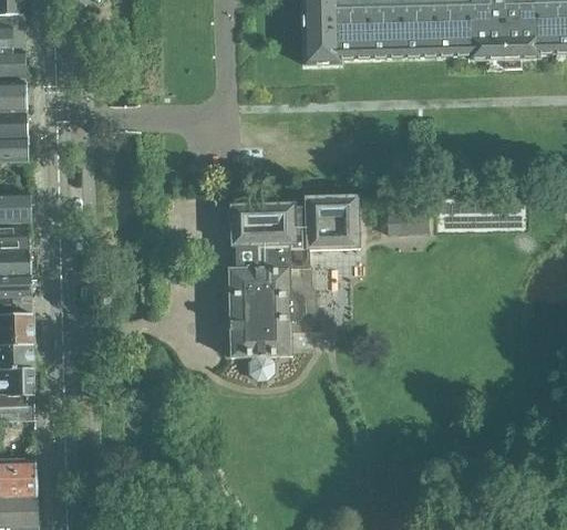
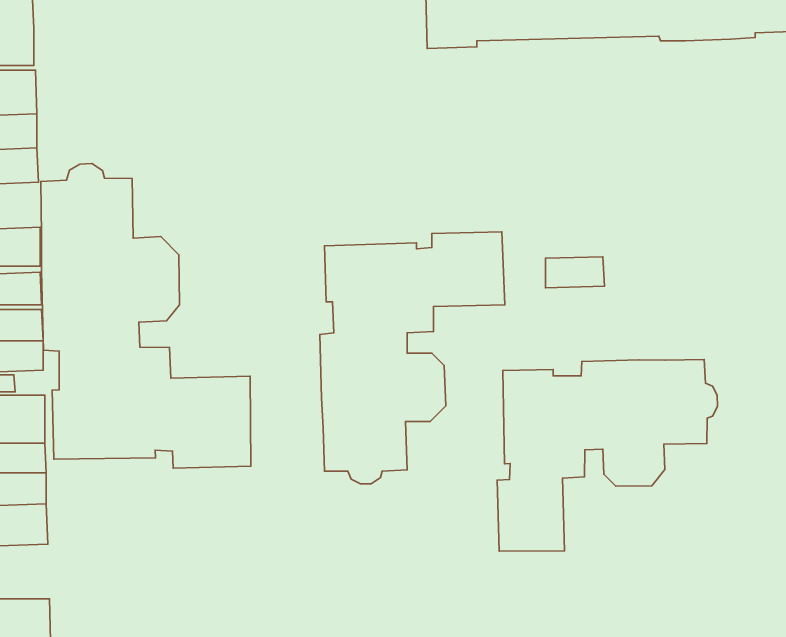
building: none -> [41,163,251,468]
building: none -> [497,360,718,551]

